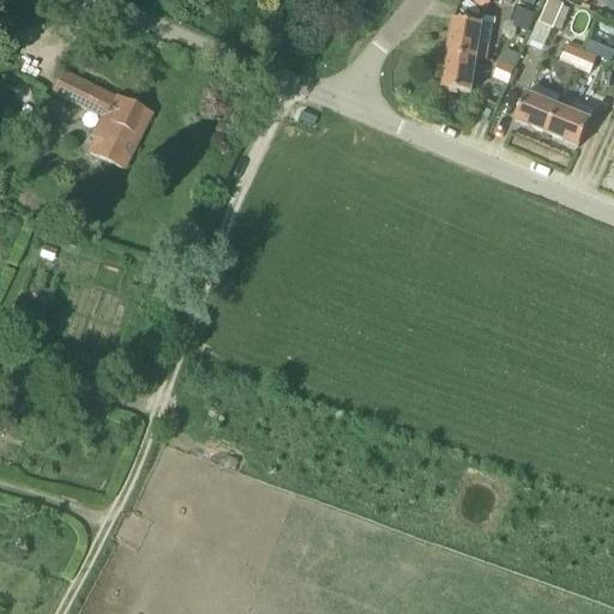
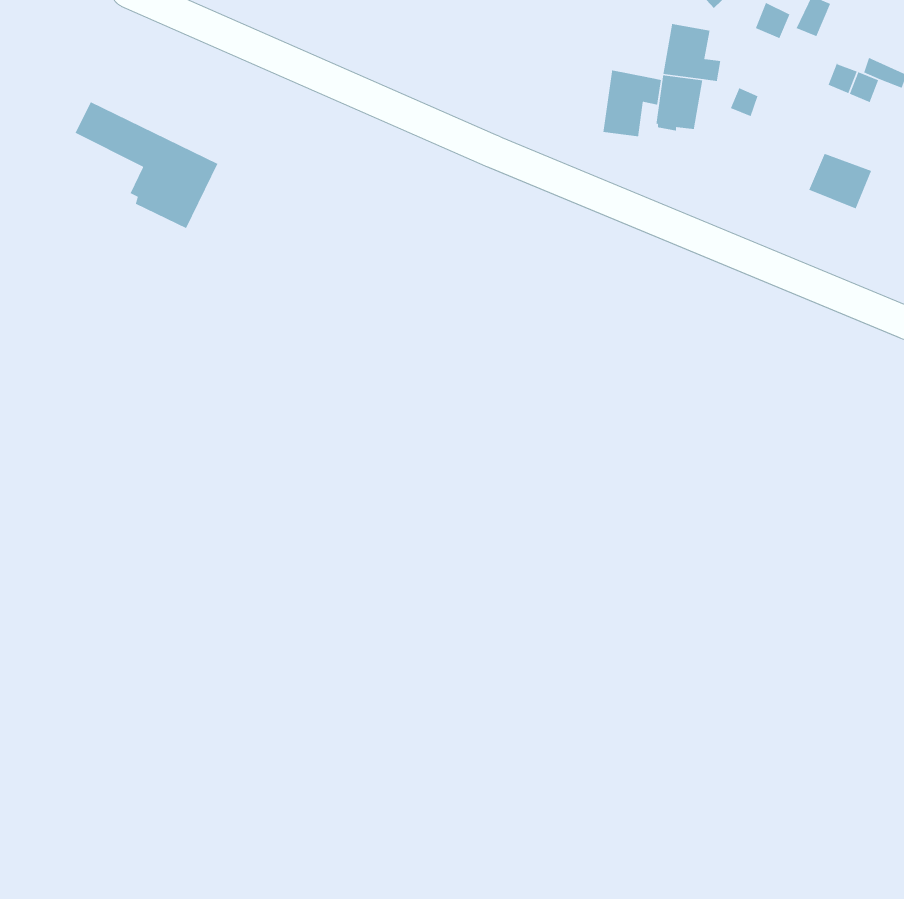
building: none -> [602,70,662,137]
building: [516,90,559,128] -> none

